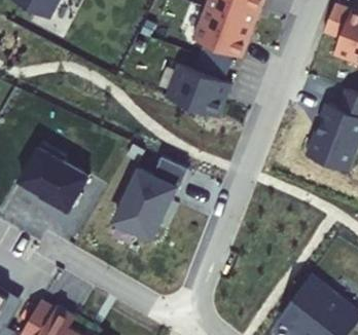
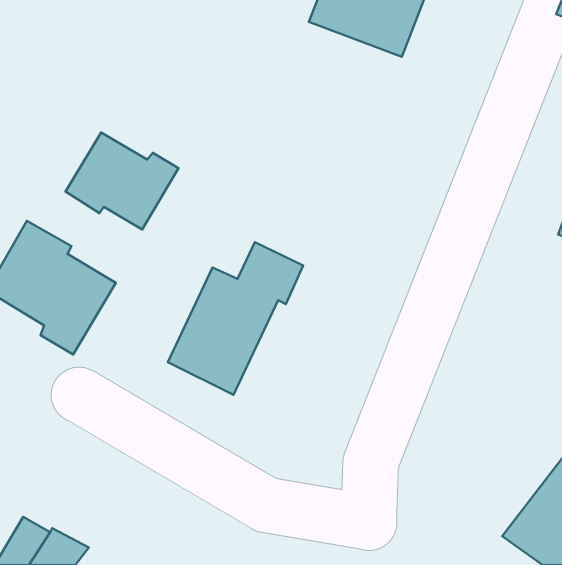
building: [167,67,227,118] -> none
building: none -> [66,133,179,229]

